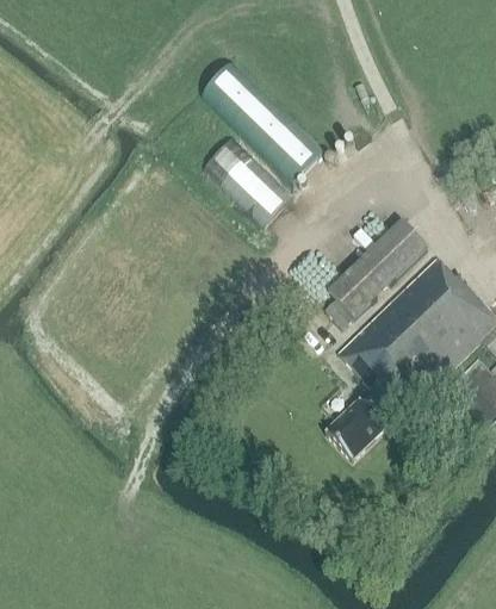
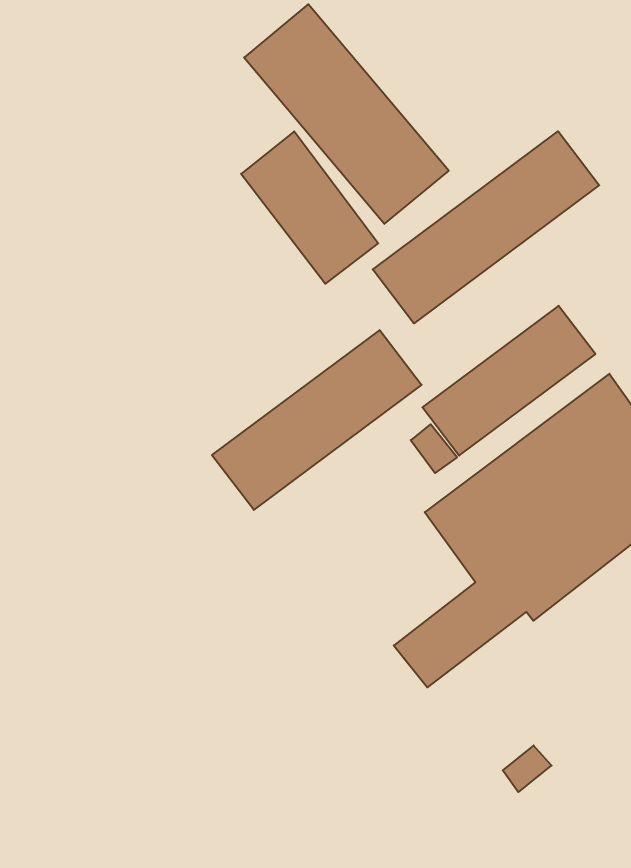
building: none -> [373,131,599,323]
building: none -> [212,330,422,510]

